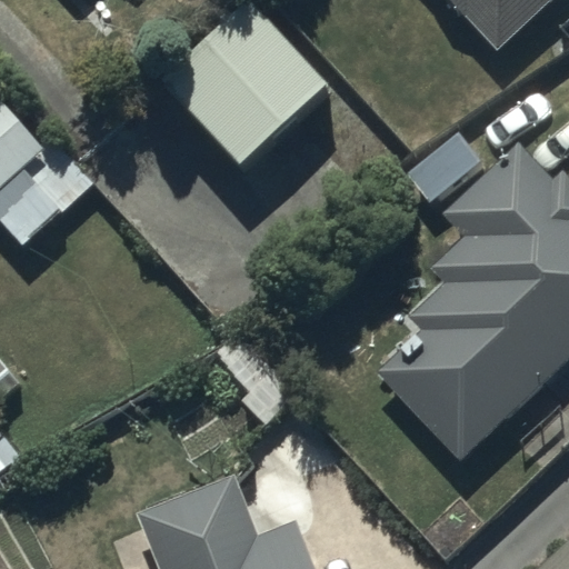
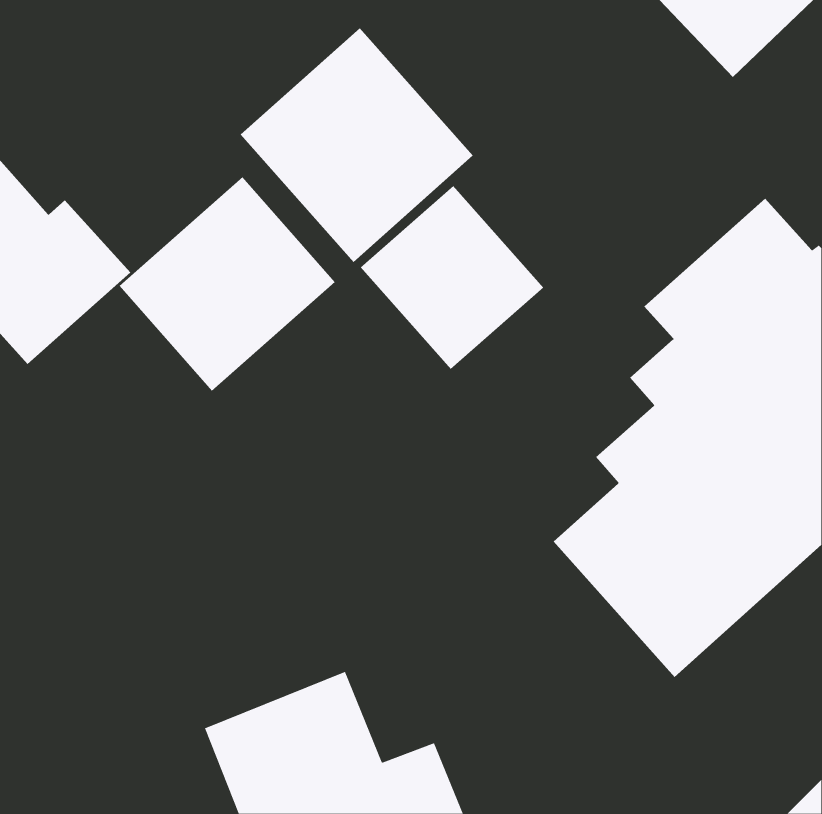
building: none -> [119,177,335,392]
building: none -> [360,185,544,370]

